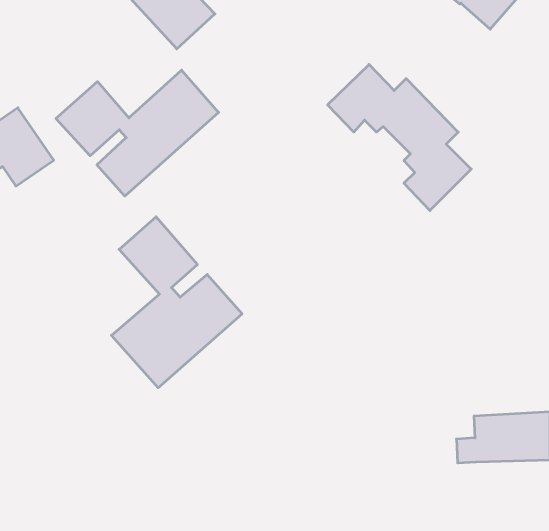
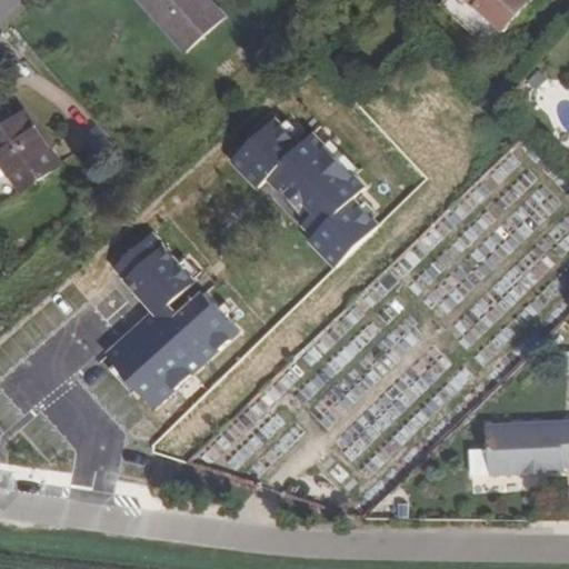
building: [328,64,471,211] -> [228,119,375,268]
building: [56,70,219,196] -> none

